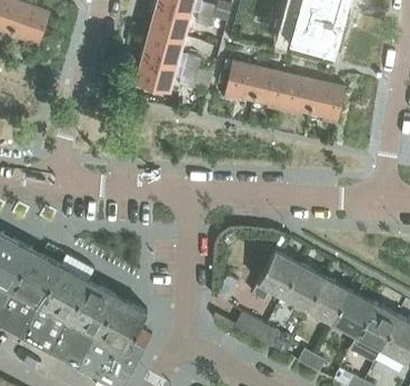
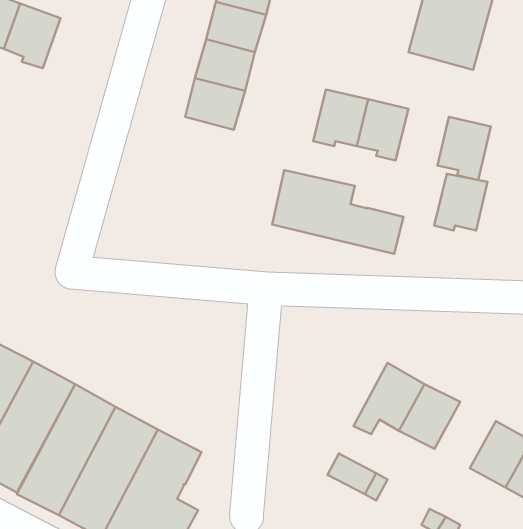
building: [280,76,317,115] -> [434,174,487,230]
building: none -> [272,170,403,254]
building: [307,277,349,323] -> none

